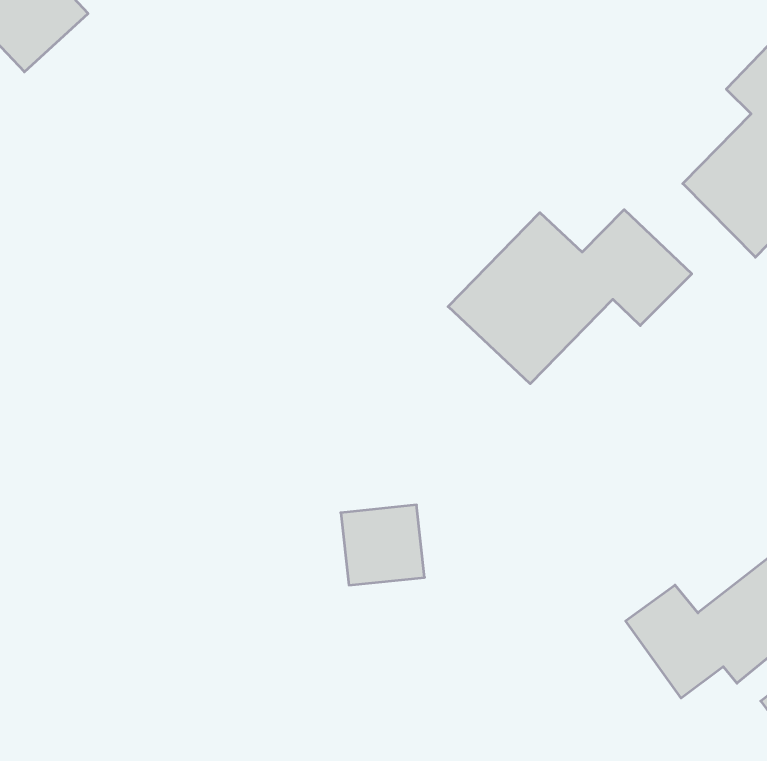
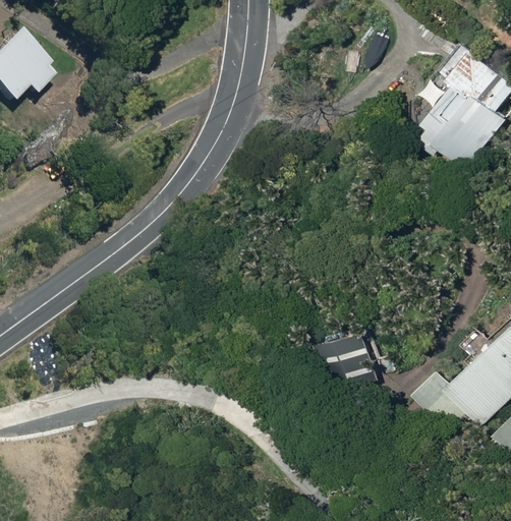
building: [448,210,692,384] -> none
building: [341,505,425,585] -> [316,333,370,385]

